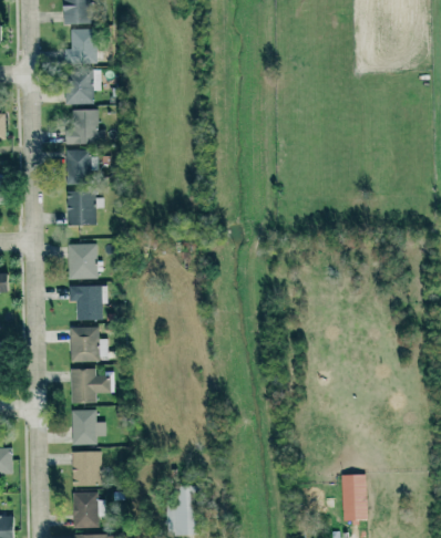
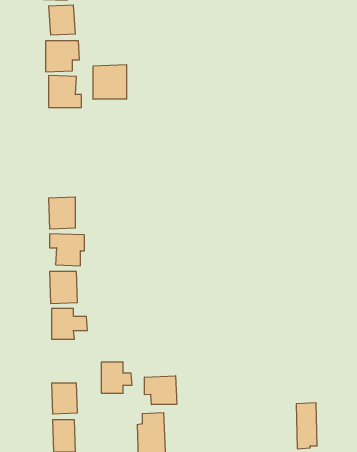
building: none -> [93,65,127,99]
building: [65,151,99,183] -> none
building: [66,189,96,226] -> none
building: [72,410,106,444] -> [101,362,132,393]
building: none -> [144,376,177,405]

